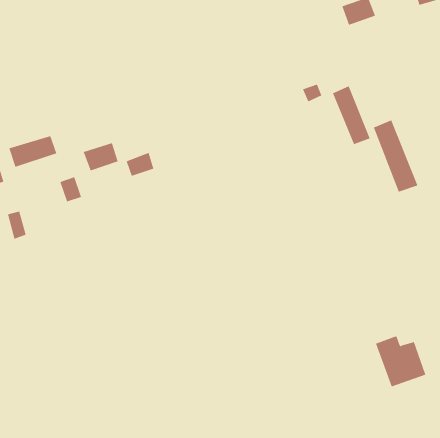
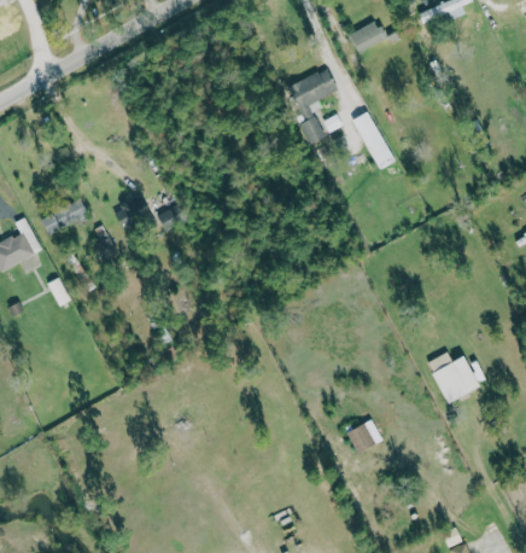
building: none -> [285,68,337,142]
building: [373,120,418,193] -> none
building: none -> [349,419,382,452]

